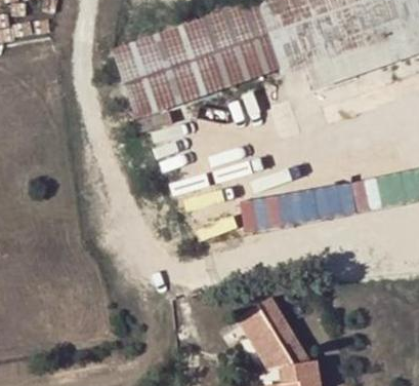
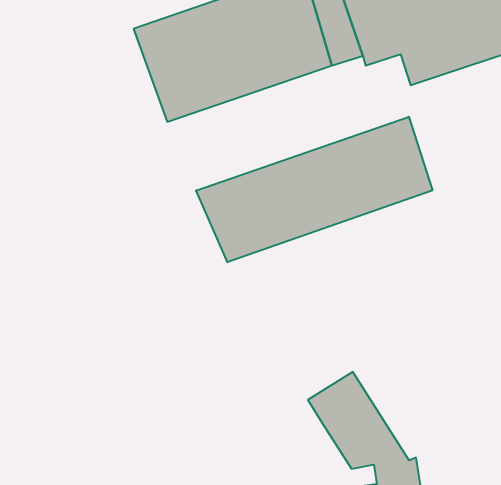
building: none -> [196,117,432,262]

